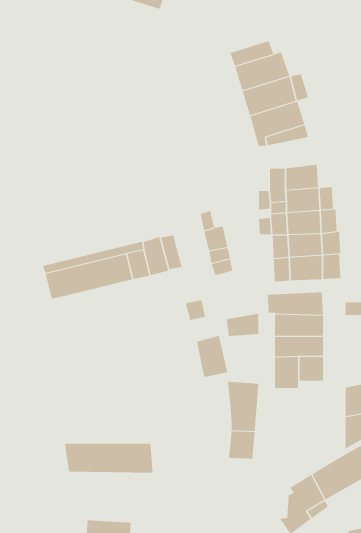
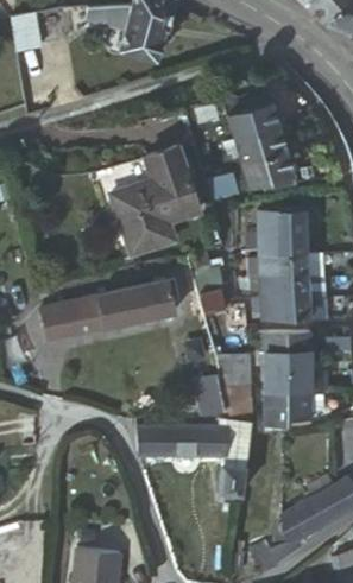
building: none -> [105,147,193,254]
building: [64,443,154,473] -> [138,426,223,455]

